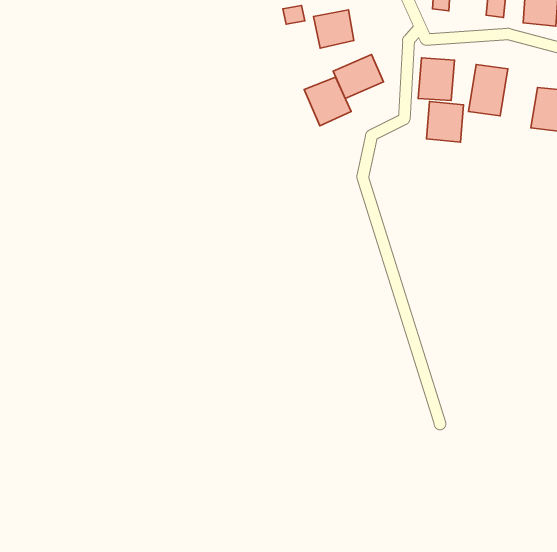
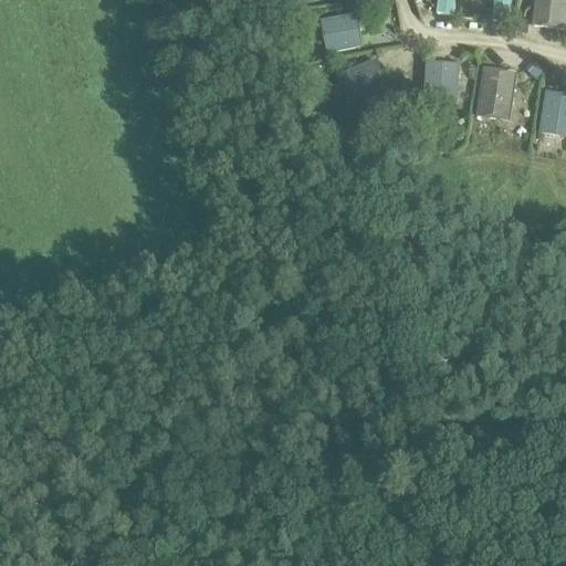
building: [304,77,351,126] -> none
building: [427,102,463,142] -> none

